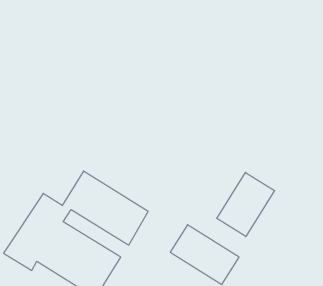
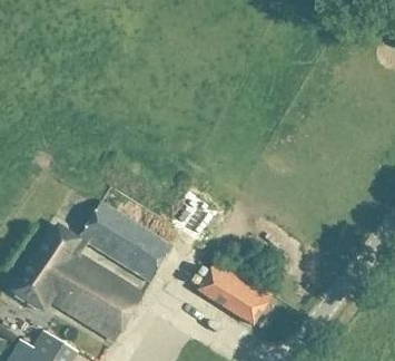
building: [217,172,275,237] -> none

